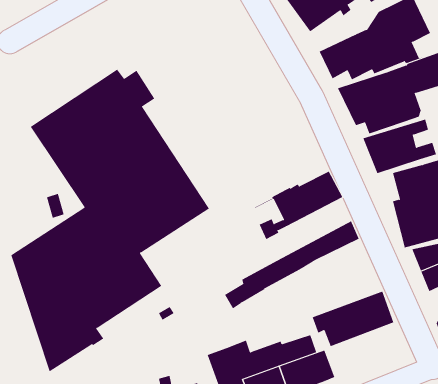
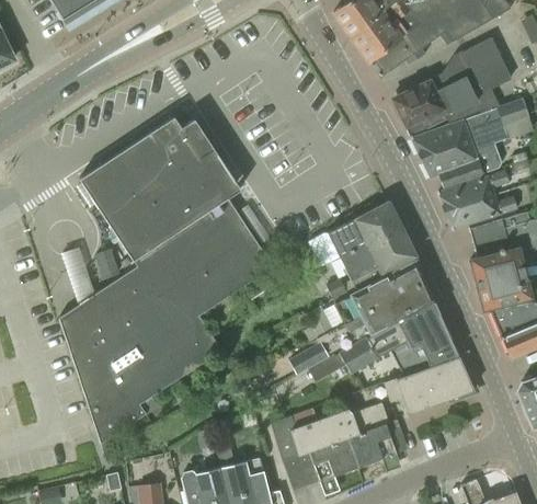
building: none -> [309,202,402,266]
building: none -> [334,261,426,323]
building: none -> [308,302,457,382]

